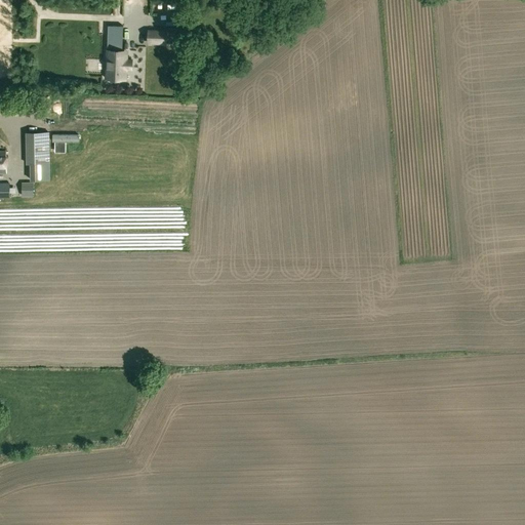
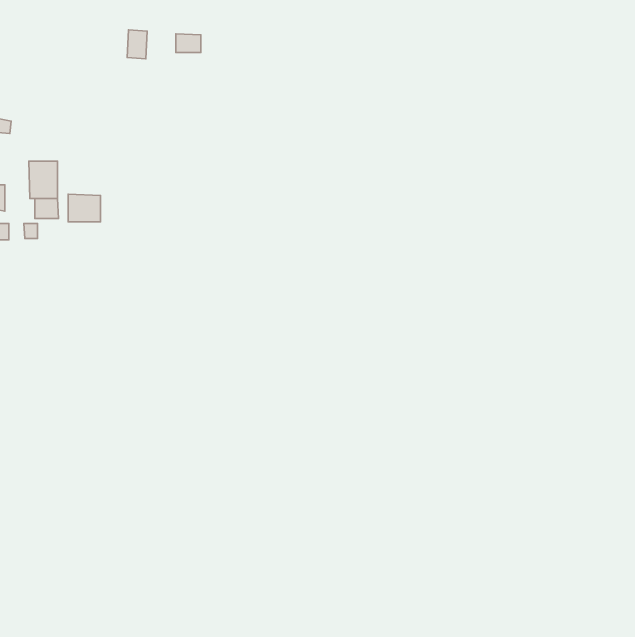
building: [104,51,130,80] -> none
building: none -> [68,194,100,222]

